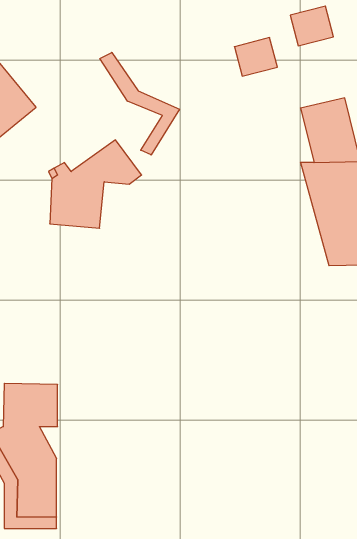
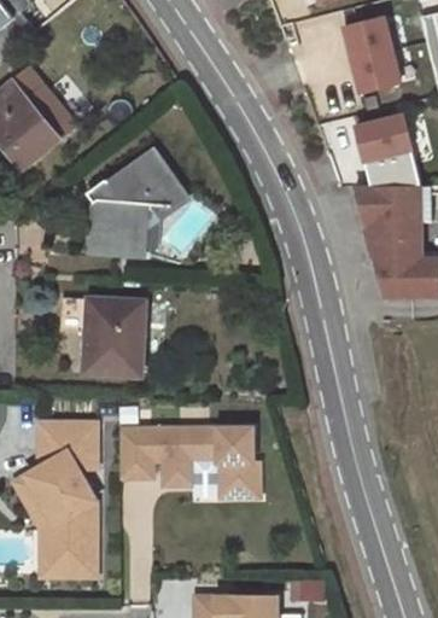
building: [234,38,277,76] -> [354,51,399,92]
building: [100,52,180,155] -> none
building: none -> [56,296,140,373]
building: none -> [121,428,259,500]

